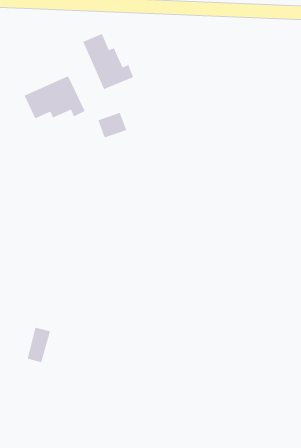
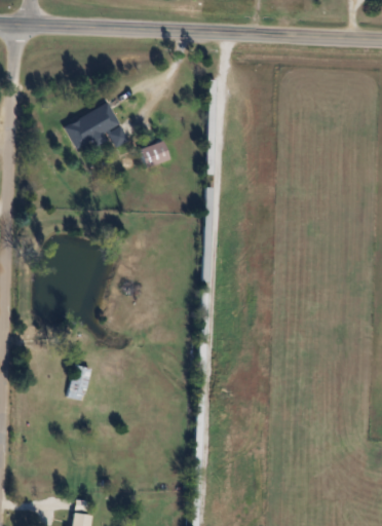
building: [82,33,134,90] -> none

